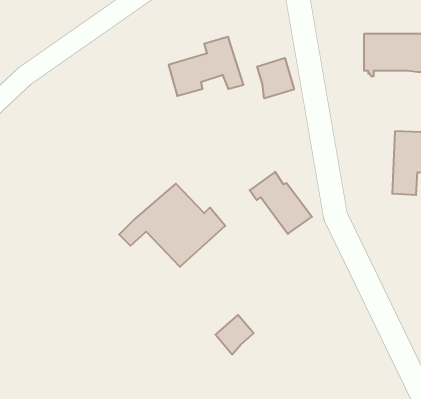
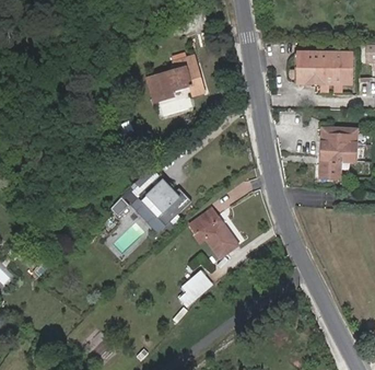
building: [257,58,294,98] -> none
building: [250,172,312,234] -> [190,210,238,258]

